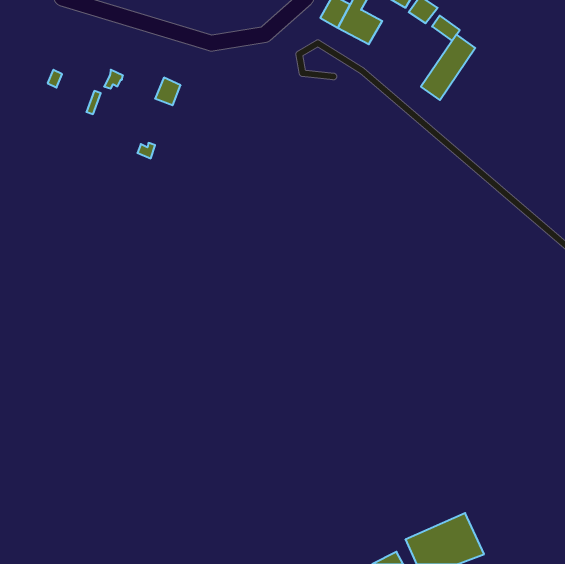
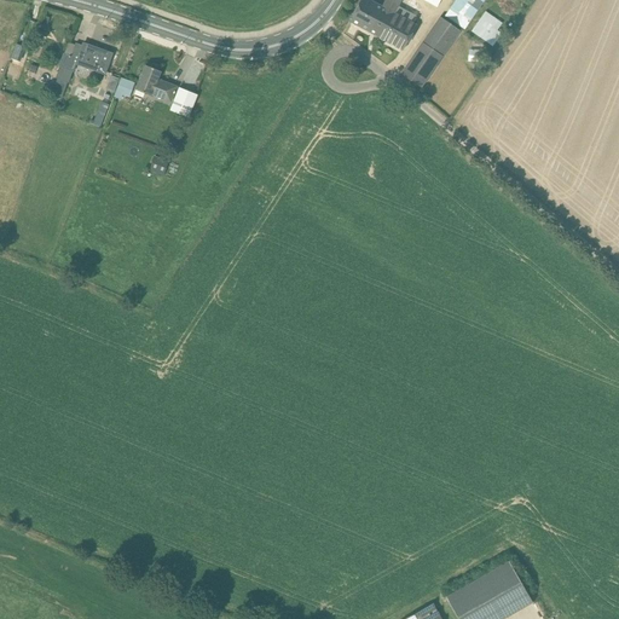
building: [421,35,475,100] -> [403,15,462,86]
building: none -> [59,41,114,73]
building: none -> [137,63,178,99]

